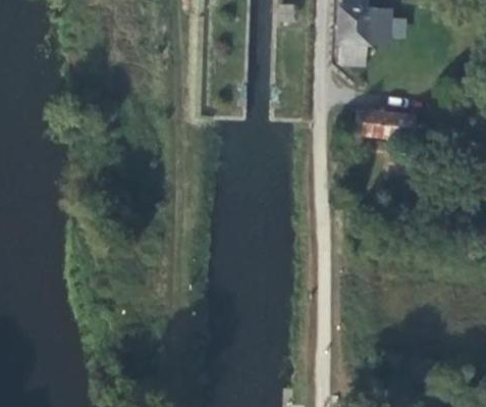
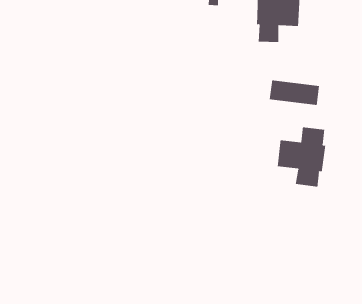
building: none -> [277,126,326,187]

